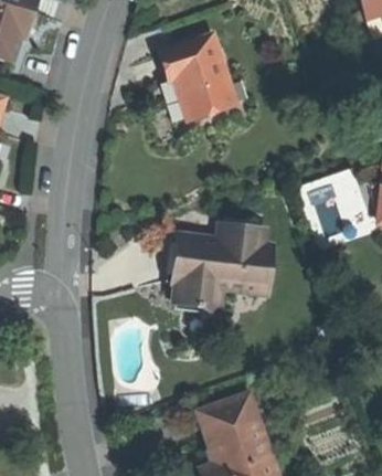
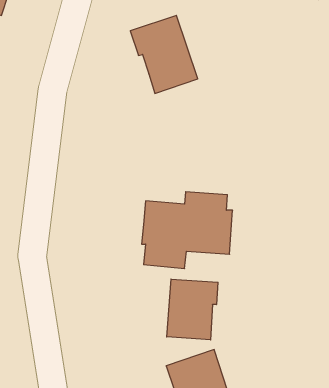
building: [304,169,362,240] -> none
building: none -> [167,279,218,340]

